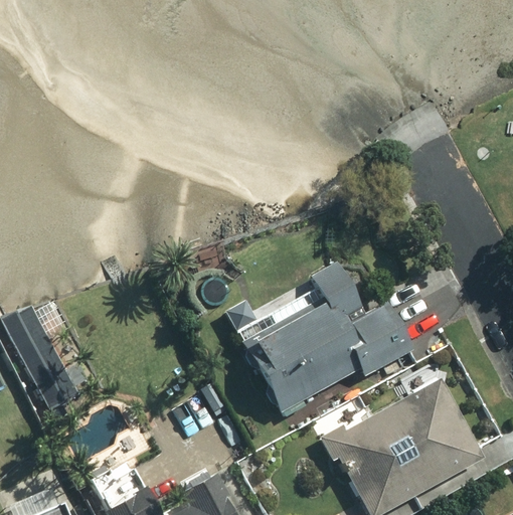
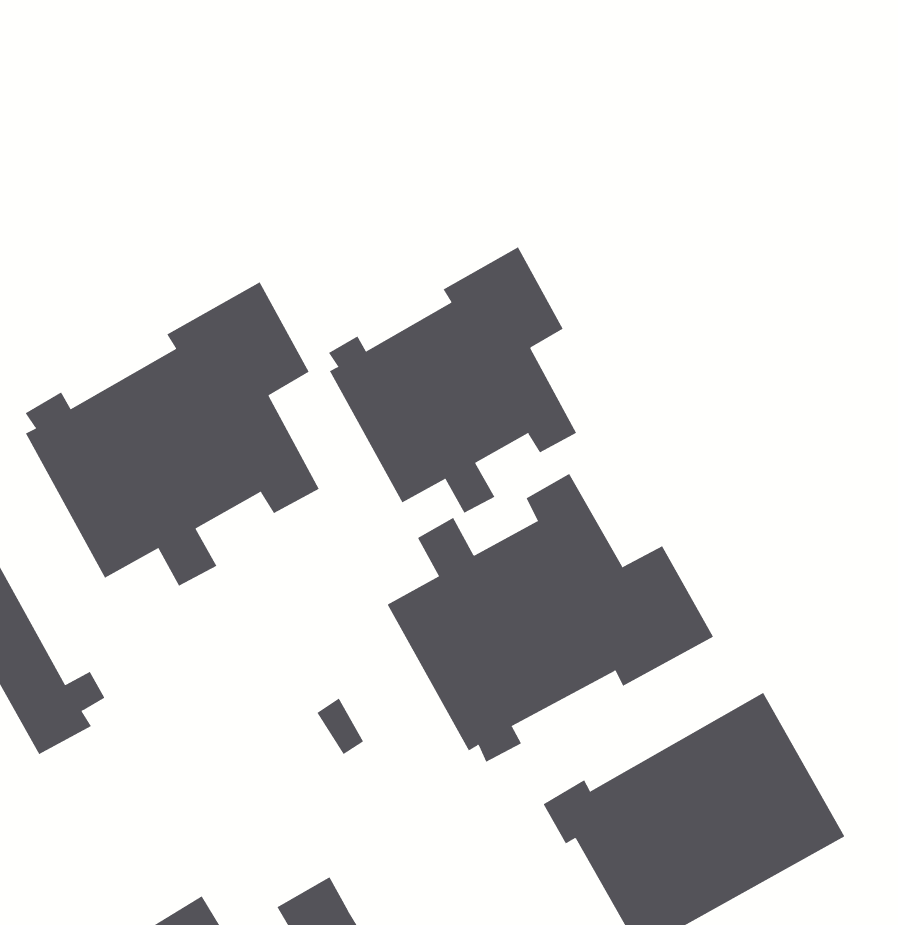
building: none -> [328,246,577,513]
building: none -> [25,281,319,586]

